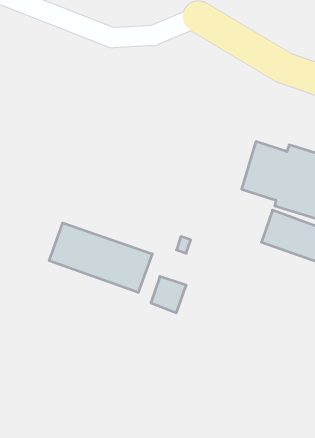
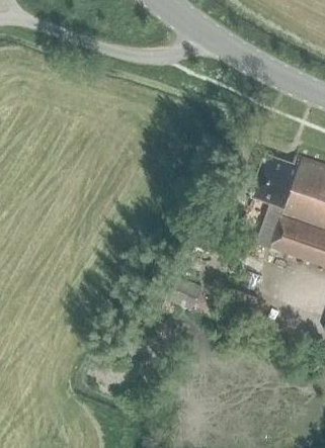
building: [49,223,152,293] -> none

